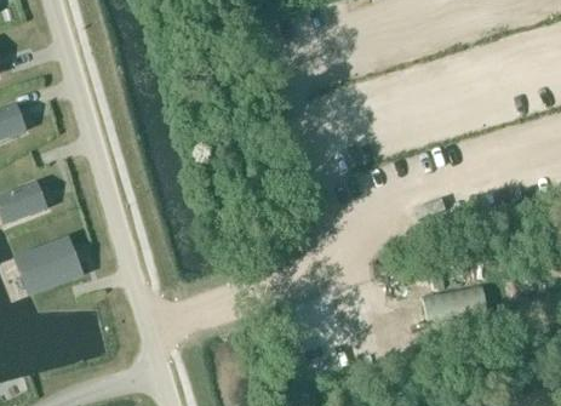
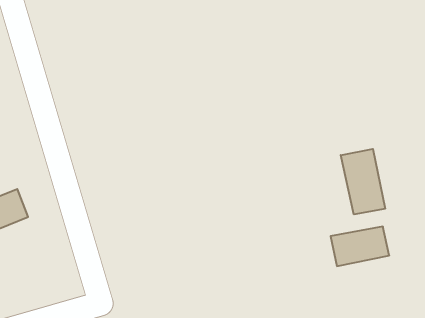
building: none -> [341,149,385,214]

